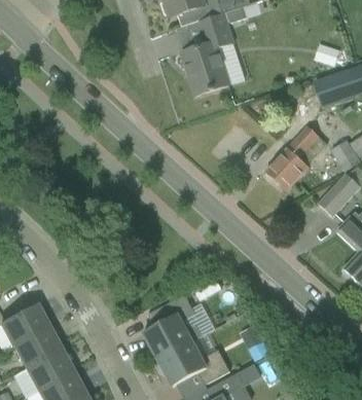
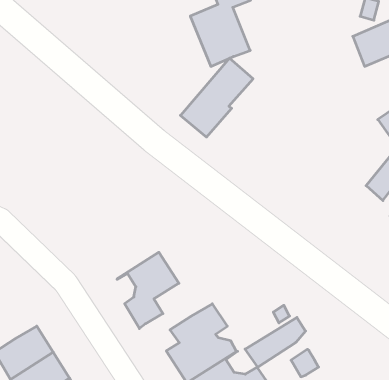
building: [265,125,328,190] -> [180,58,253,137]
building: none -> [117,252,179,329]
building: none -> [245,317,306,367]

